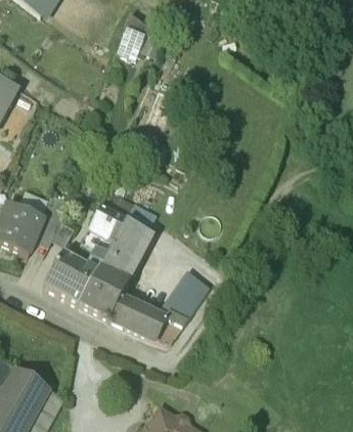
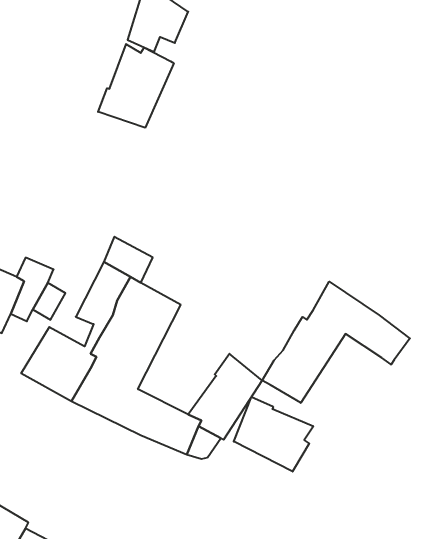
building: none -> [98,44,174,128]
building: none -> [262,282,410,403]
building: none -> [234,397,313,472]

